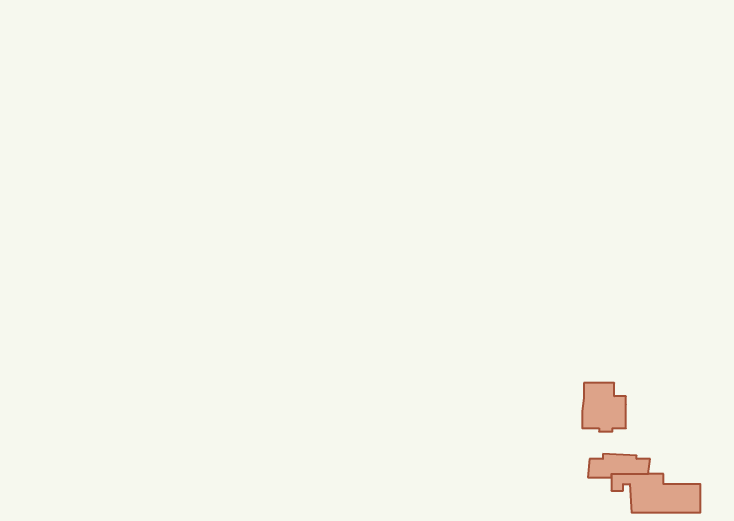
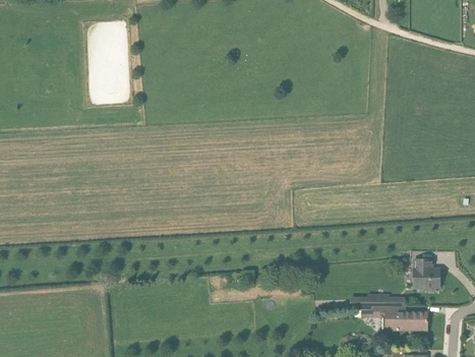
building: [582,383,626,432] -> [413,259,439,289]

